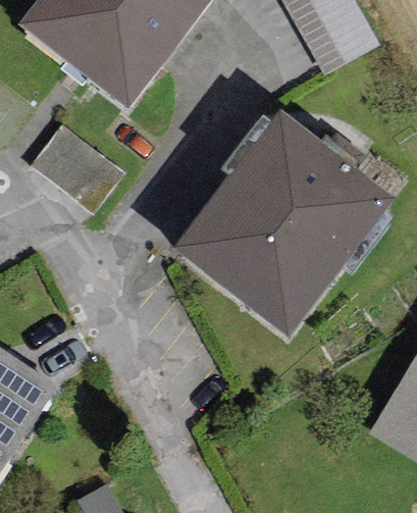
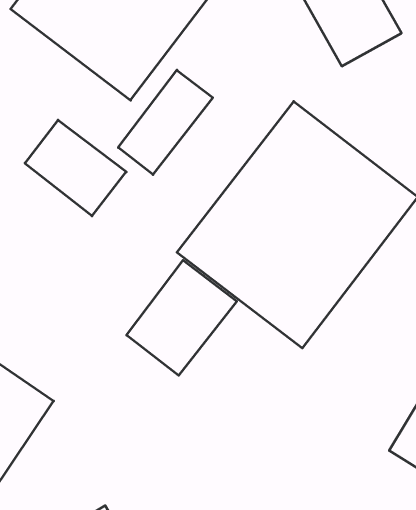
building: none -> [118,70,213,175]
building: none -> [127,260,237,375]

